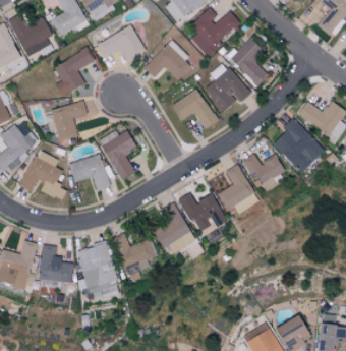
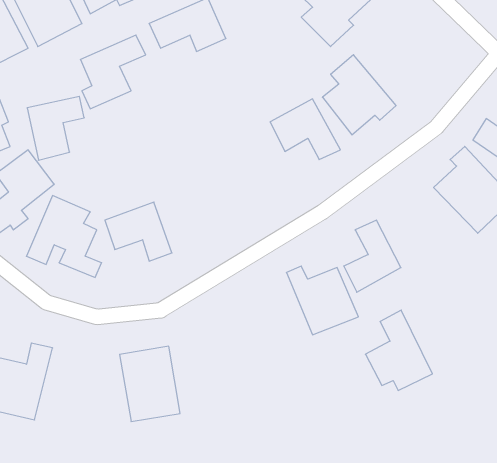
building: [230,38,269,85] -> none
building: [145,41,193,80] -> none
building: [51,102,86,141] -> [27,96,84,160]
building: [99,131,137,179] -> none
building: [245,154,285,192] -> none
building: [153,202,194,252] -> [365,310,432,390]
building: [113,234,154,285] -> none
building: [39,245,74,283] -> none

